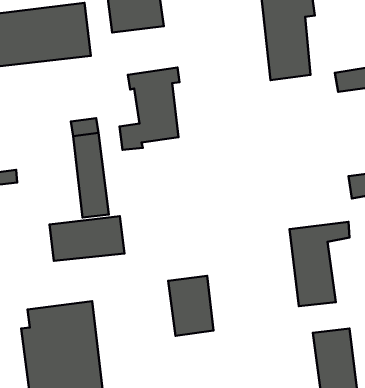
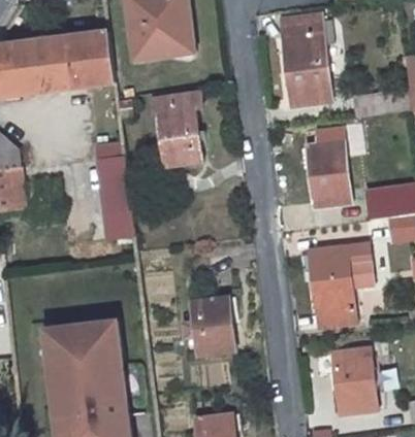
building: none -> [307,130,350,206]
building: [50,216,124,261] -> none

